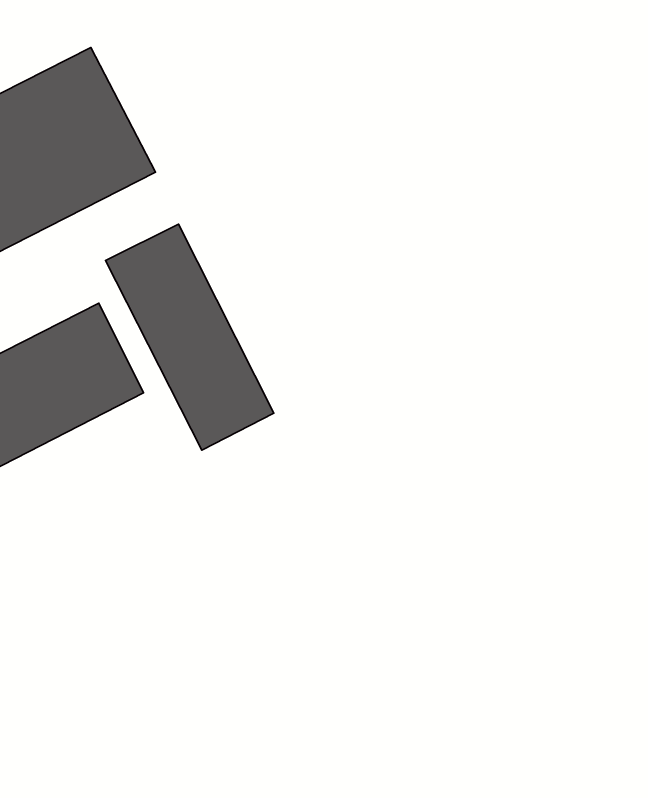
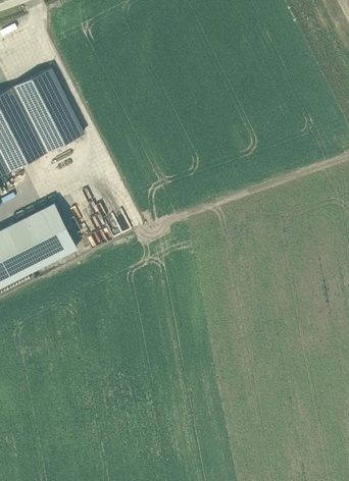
building: [105,224,274,450] -> none

